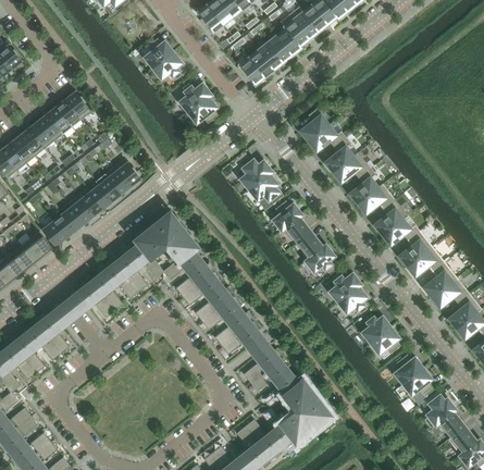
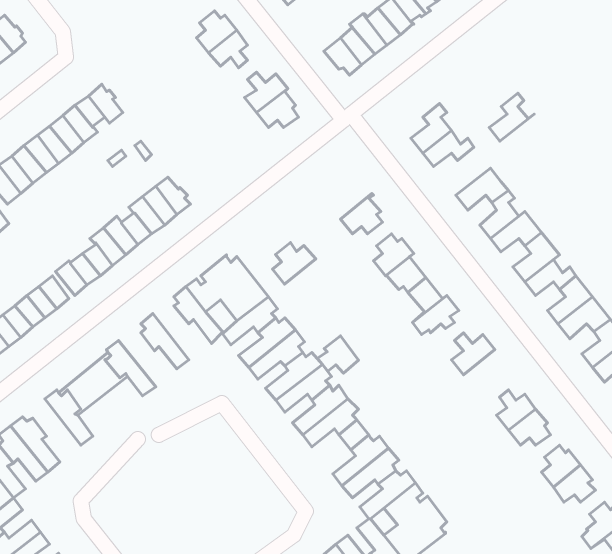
building: [325,137,358,172] -> [489,93,534,141]
building: [240,159,272,189] -> [272,242,316,284]
building: [113,251,148,292] -> none
building: [88,271,123,311] -> none
building: none -> [318,336,358,373]
building: [338,284,368,313] -> none
building: [26,320,61,360] -> none

